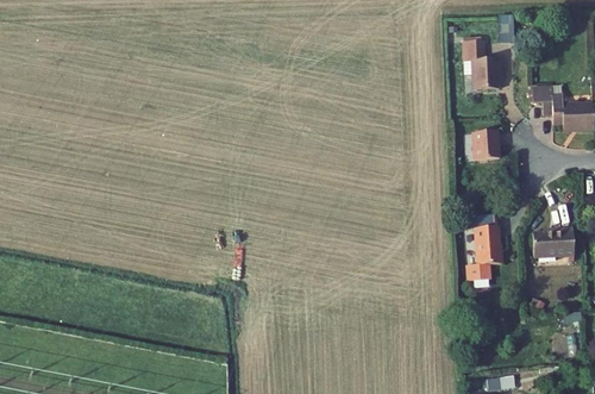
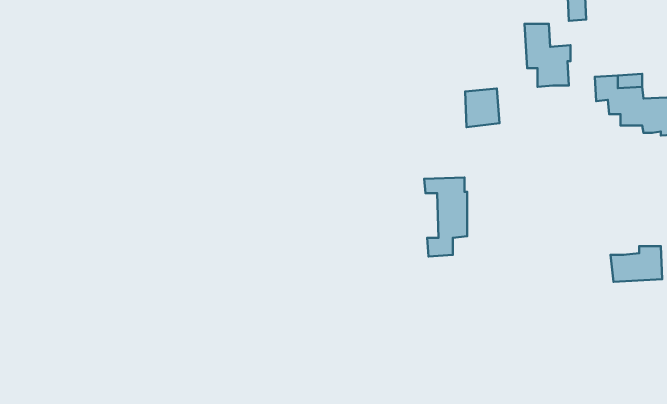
building: [471,132,500,164] -> [465,89,500,127]
building: [470,213,506,279] -> [424,177,467,256]

